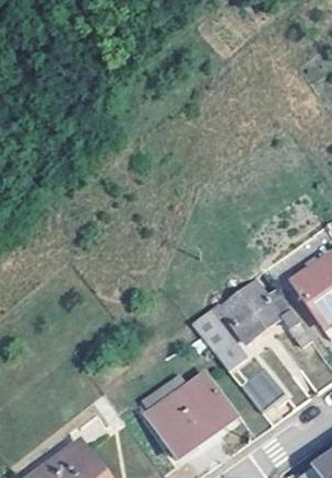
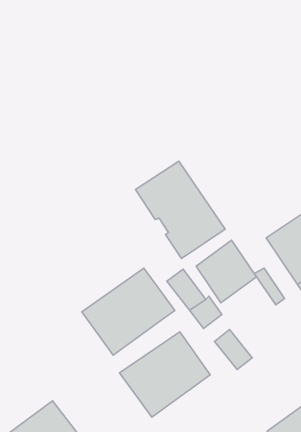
building: none -> [136,161,225,259]
building: none -> [82,268,175,355]

